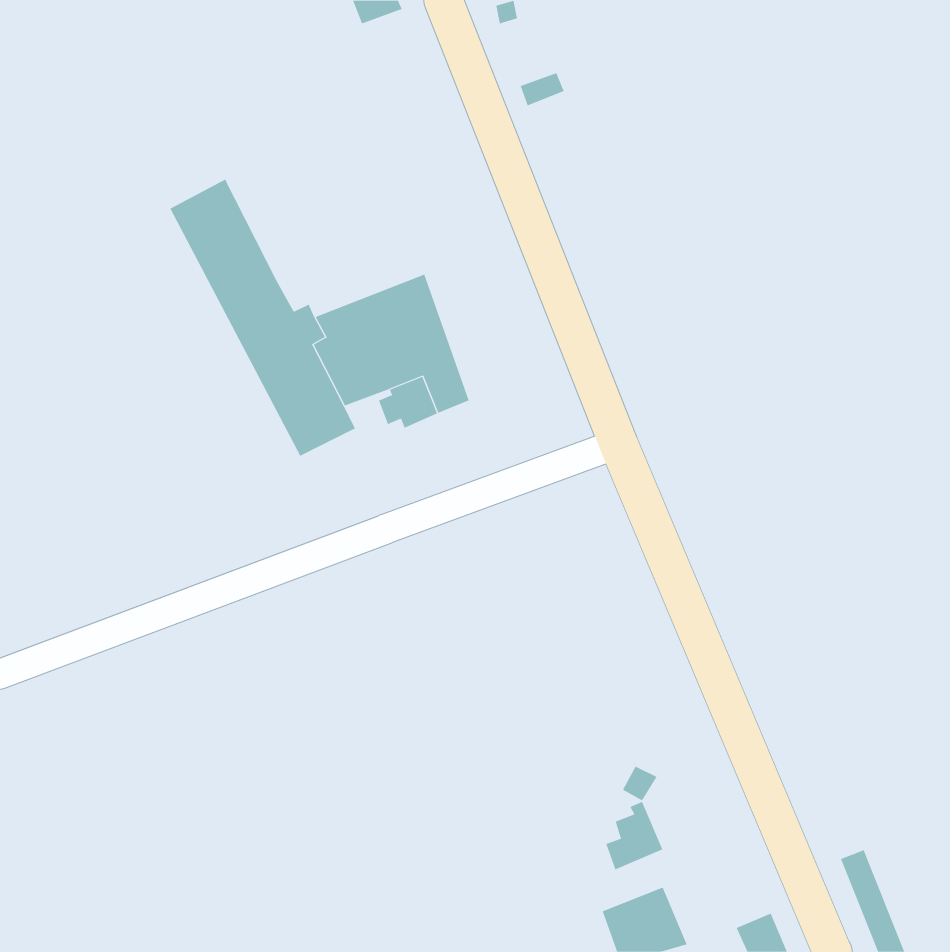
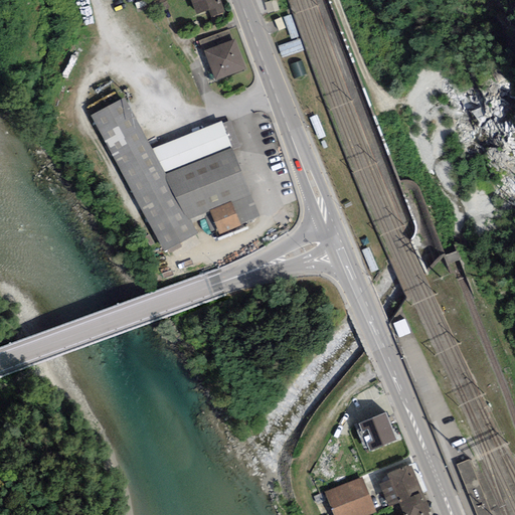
building: none -> [201,30,243,80]
building: none -> [150,121,237,171]
building: [605,801,663,870] -> [363,412,394,450]
building: none -> [379,466,416,504]

